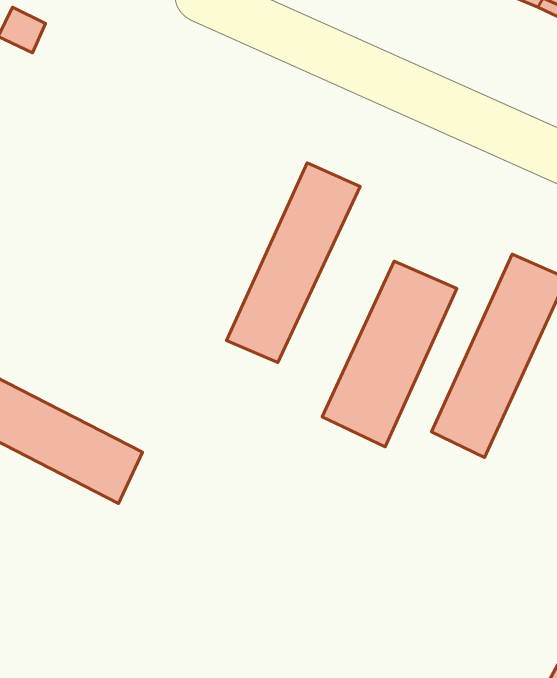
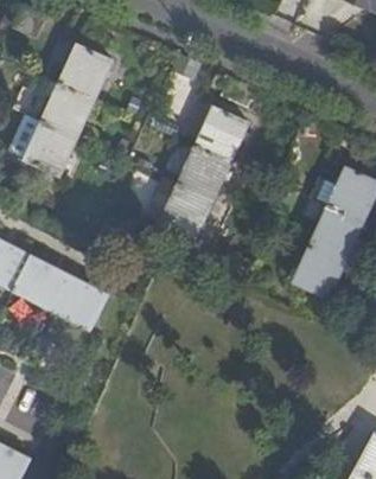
building: none -> [24,45,110,177]
building: [322,261,457,447] -> none

